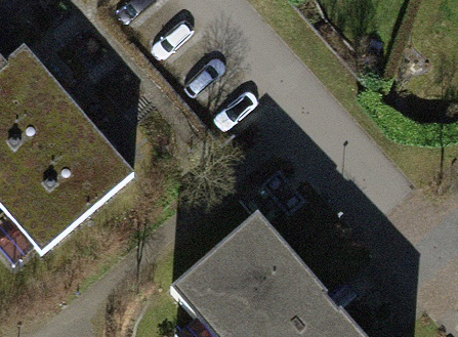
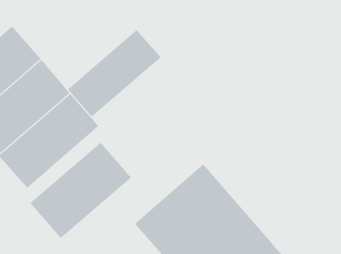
building: none -> [67,29,161,118]
building: none -> [30,142,132,239]

